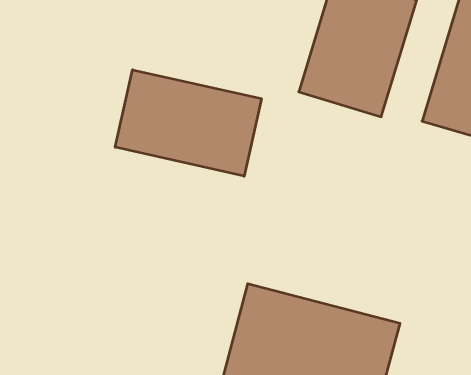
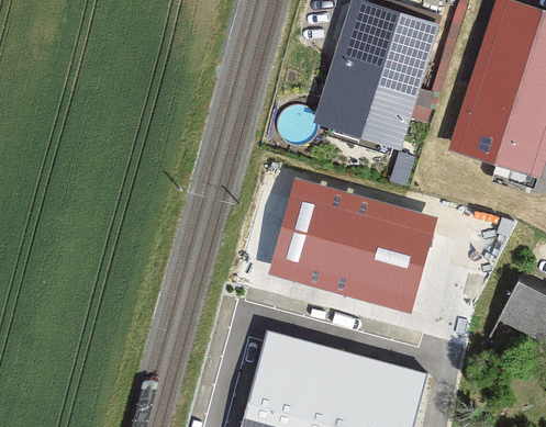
building: [115,70,261,176] -> none
building: none -> [269,180,435,310]

